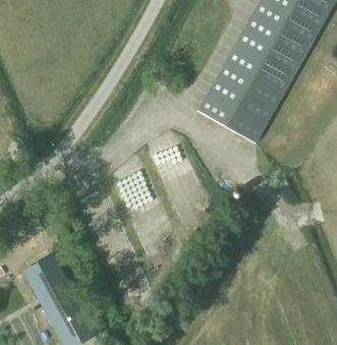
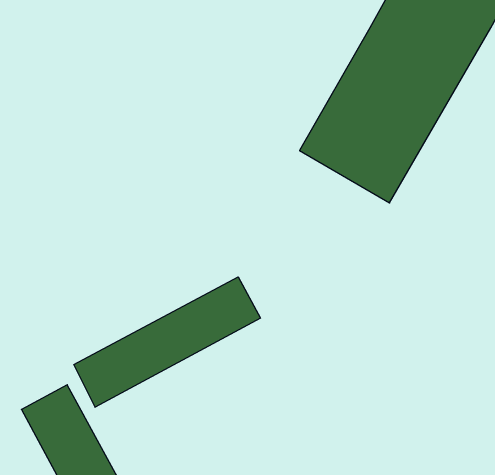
building: none -> [74,277,260,407]

